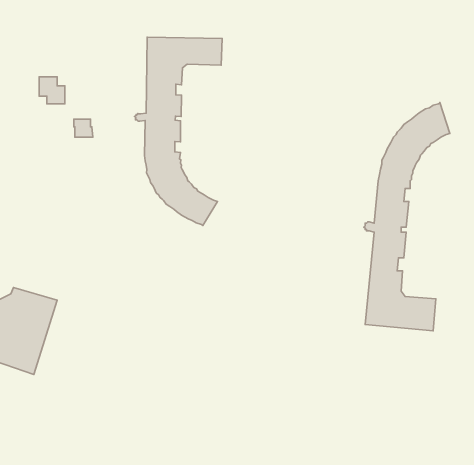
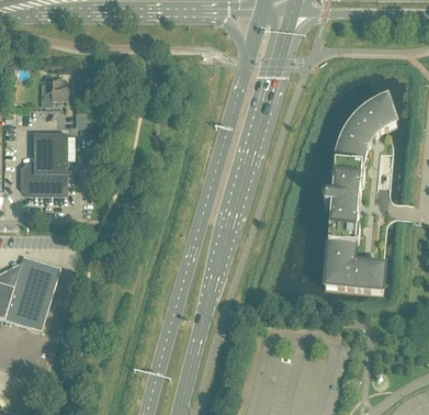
building: [134,37,222,226] -> none
building: none -> [22,132,74,192]

